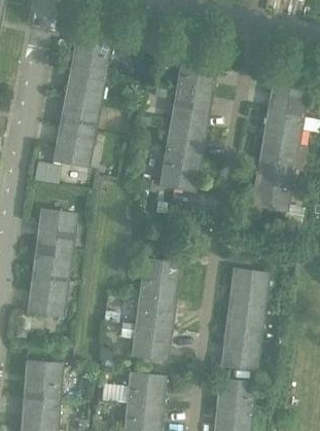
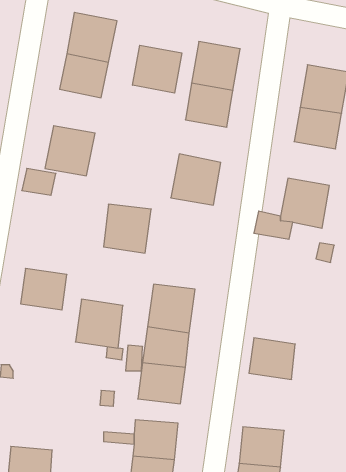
building: none -> [133,45,182,93]
building: [60,95,100,132] -> none
building: [166,120,206,156] -> none
building: [257,139,297,176] -> none
building: [36,210,76,251] -> [104,204,151,253]
building: [228,270,269,310] -> none
building: [27,276,67,317] -> [75,299,123,348]
building: [220,334,260,370] -> none
building: [24,361,62,399] -> none

